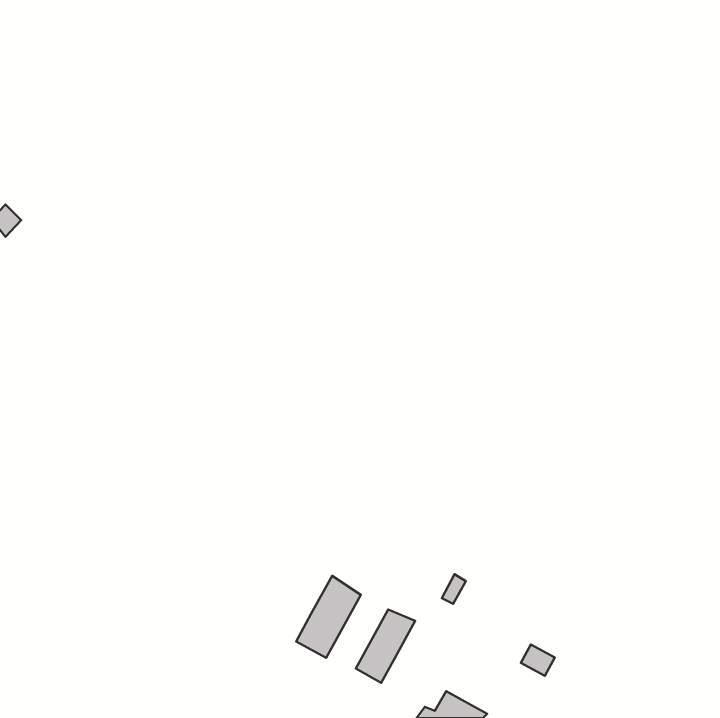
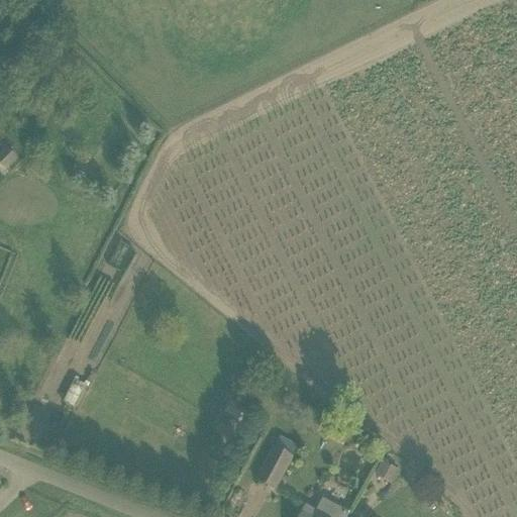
building: [296,576,361,658] -> none

